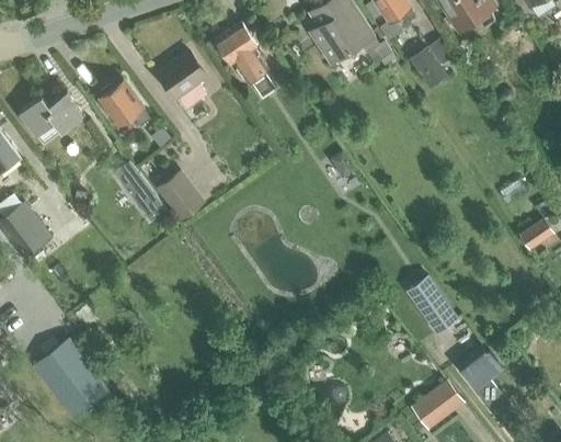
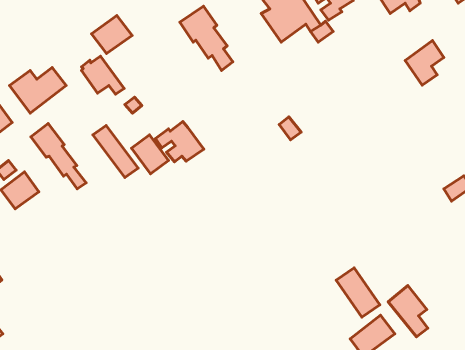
building: [409,35,454,87] -> [405,41,444,85]
building: [158,52,205,95] -> [91,16,132,54]
building: none -> [156,121,204,162]
building: none -> [31,124,86,189]
building: [405,275,456,332] -> [336,268,380,317]
building: [34,338,105,413] -> none

